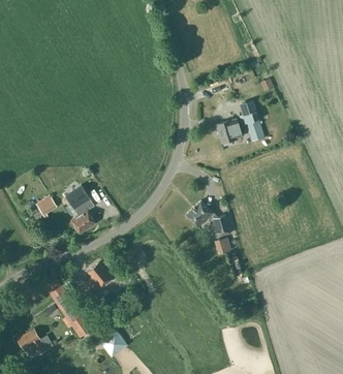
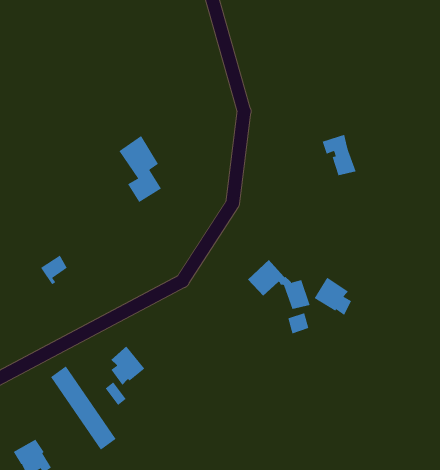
building: [216,118,242,144] -> none
building: [65,185,96,233] -> [119,135,162,203]
building: none -> [314,277,352,316]

